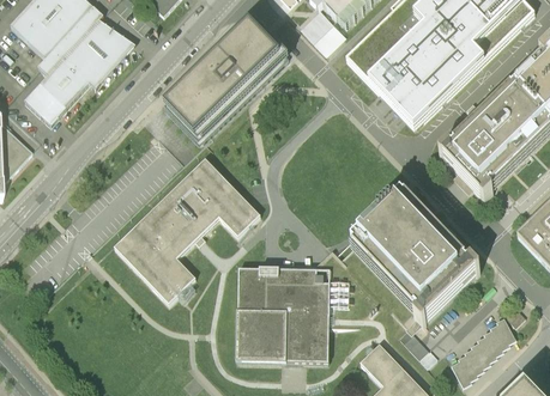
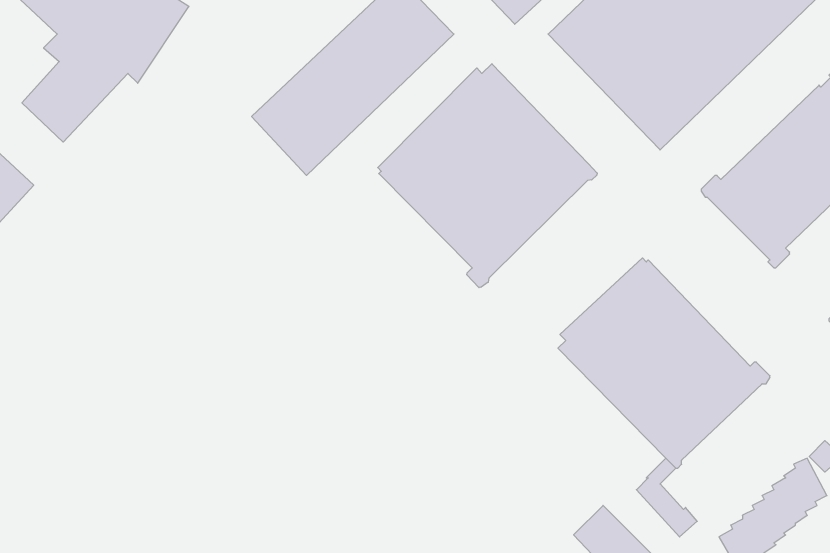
building: none -> [378,64,597,288]
building: [114,158,260,303] -> none
building: [236,268,328,361] -> none

